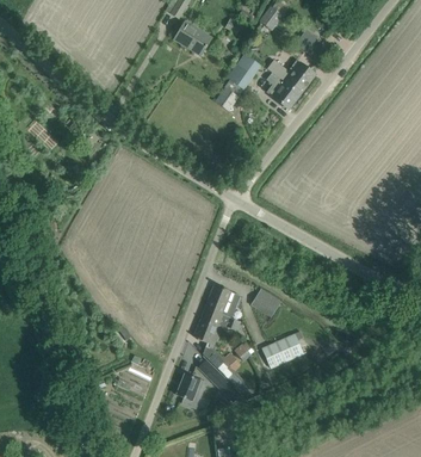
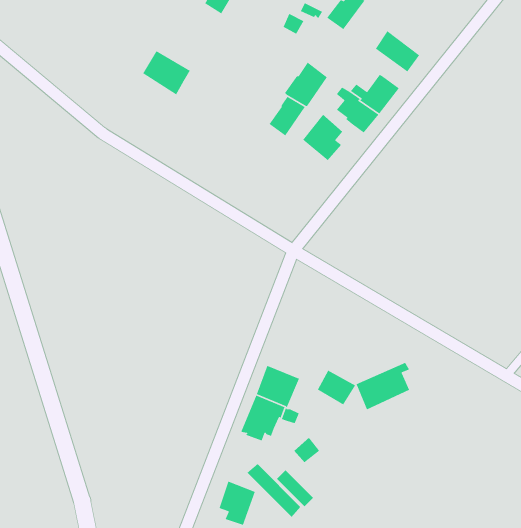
building: [174,20,211,55] -> [142,50,191,95]
building: none -> [302,114,343,161]
building: [261,331,303,368] -> [356,362,410,410]

